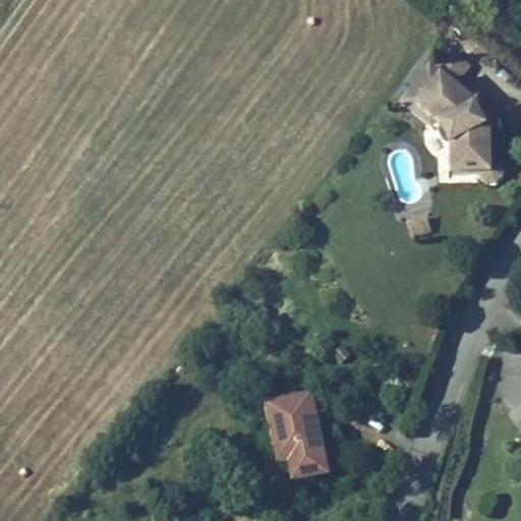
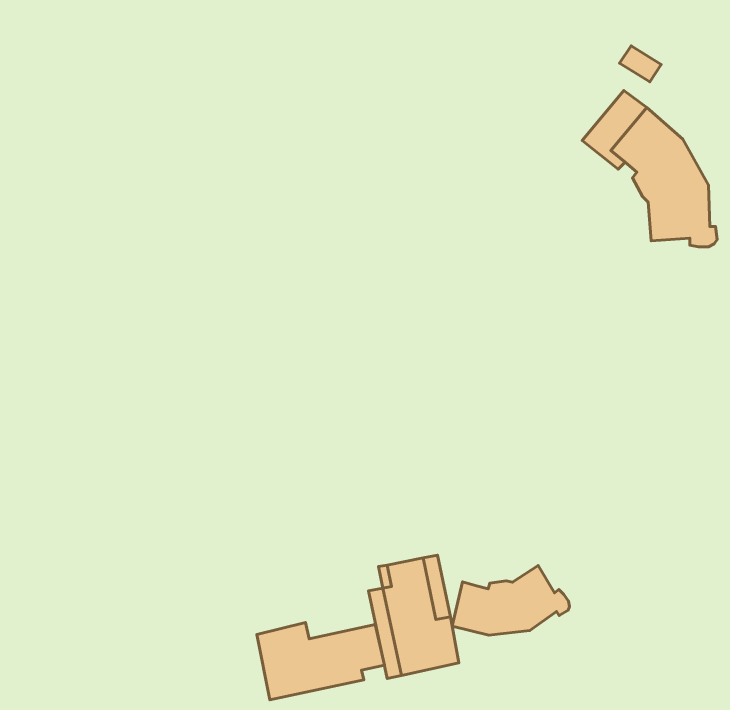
building: none -> [452,566,569,635]
building: none -> [257,623,384,700]

